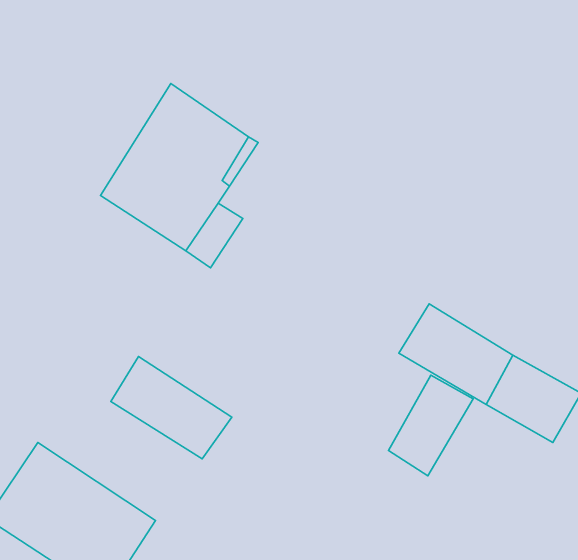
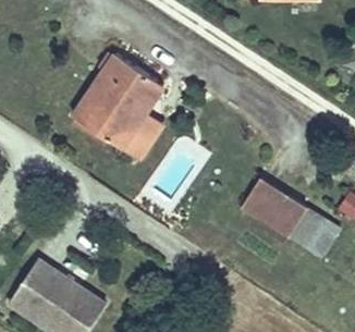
building: [111,357,232,459] -> none
building: [388,375,473,476] -> none

